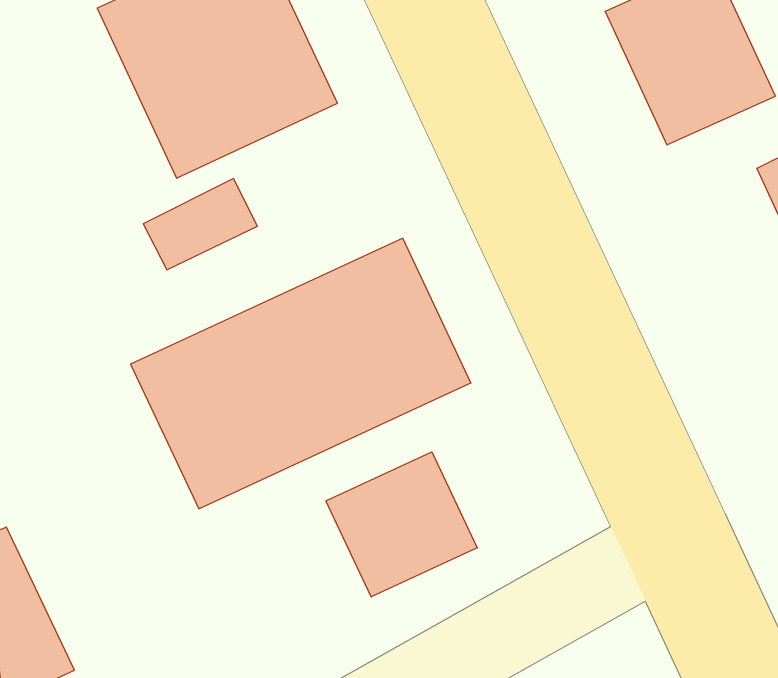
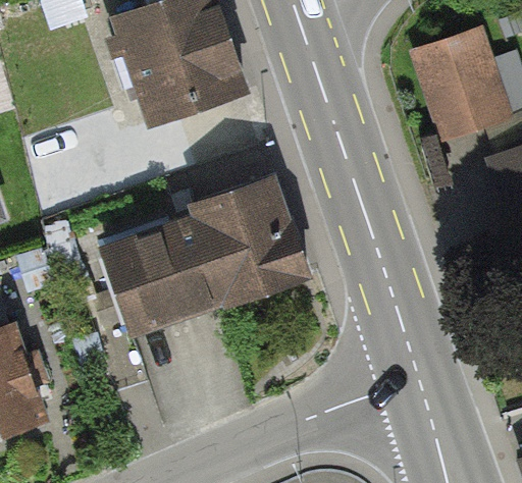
building: [326,452,477,597] -> none

